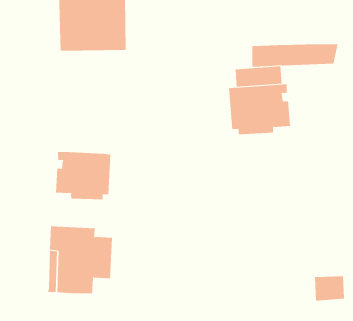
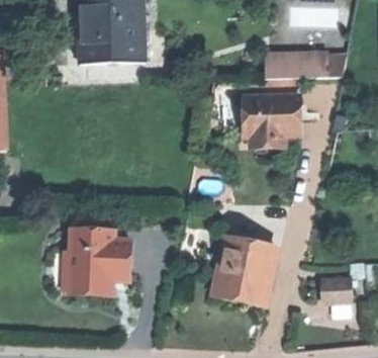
building: [55,151,111,200] -> none
building: none -> [214,236,277,300]

